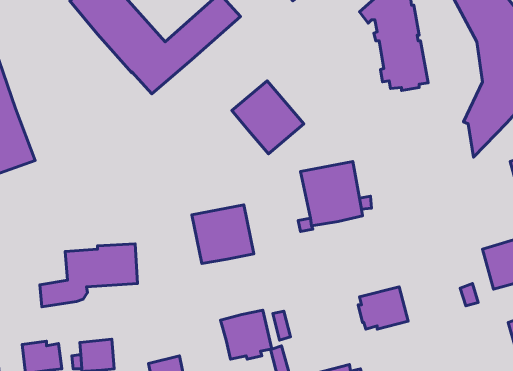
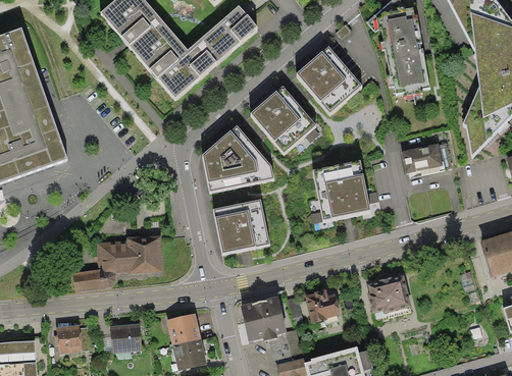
building: none -> [297,46,362,113]
building: none -> [203,125,275,192]
building: none -> [402,144,444,173]
building: none -> [305,288,341,324]
building: none -> [167,313,202,345]

